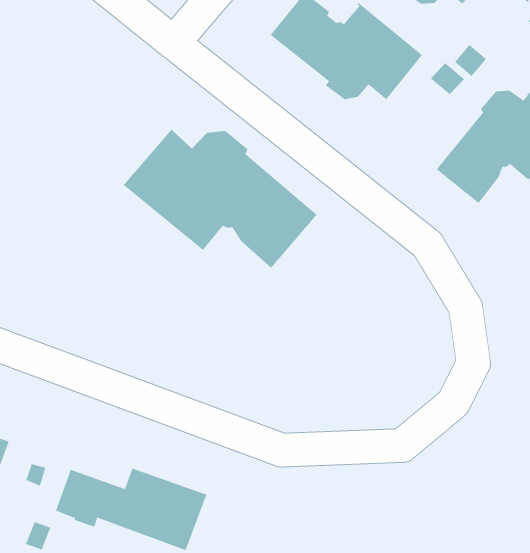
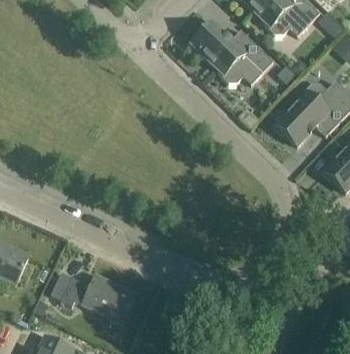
building: [123,129,318,268] -> none

